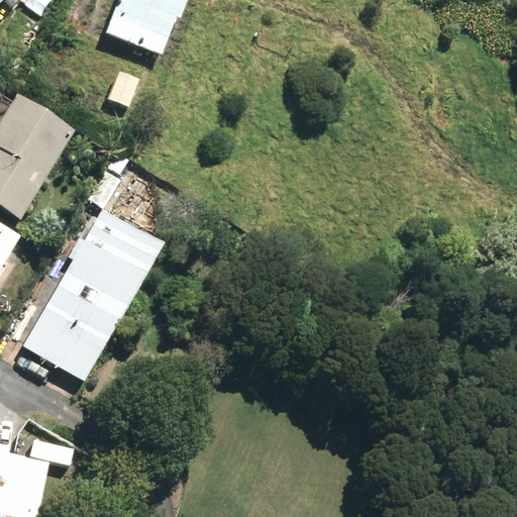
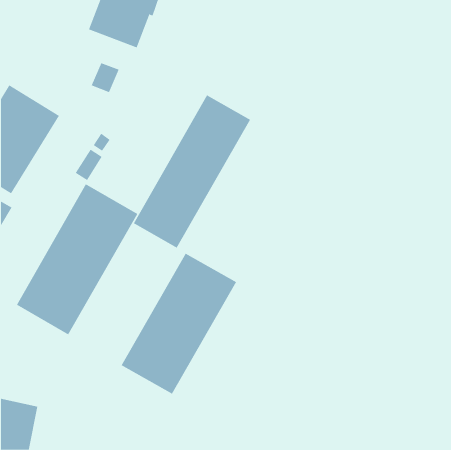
building: none -> [133,95,251,248]
building: none -> [121,253,237,395]

